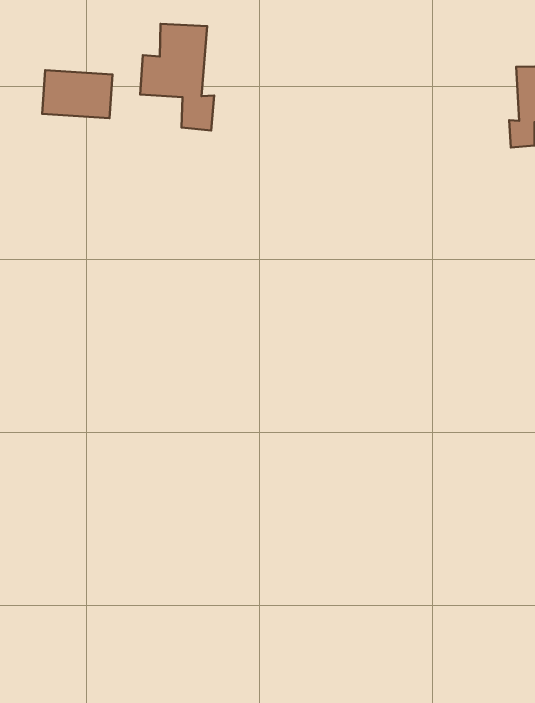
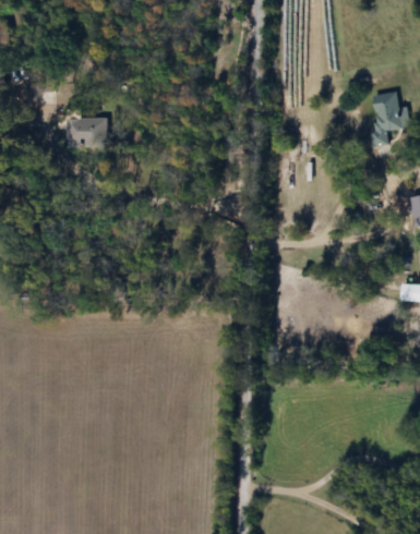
building: [140,24,214,131] -> none

